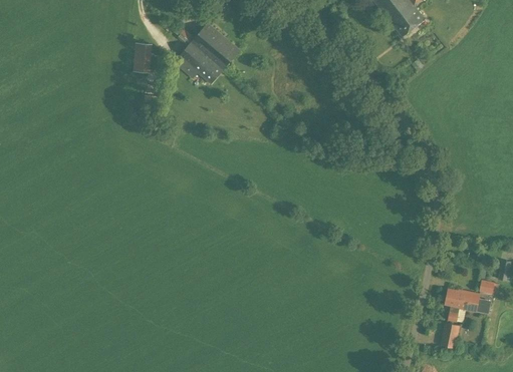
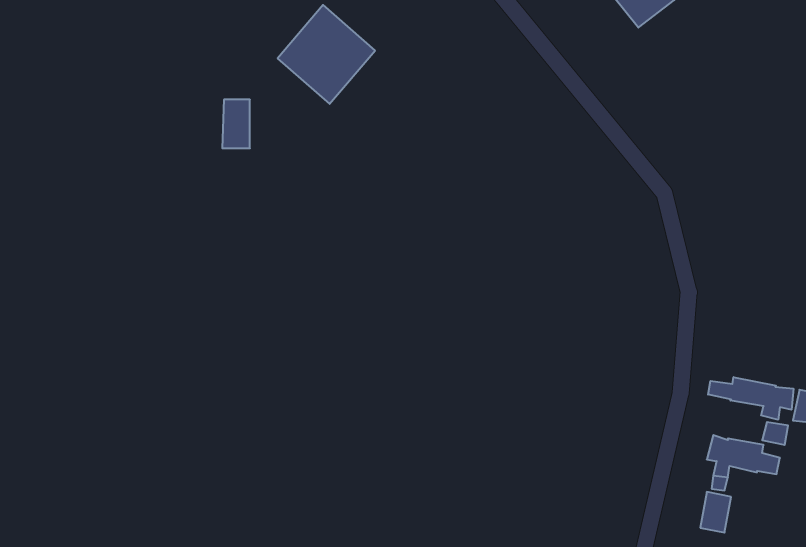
building: [135,42,152,72] -> [222,100,250,148]
building: none -> [708,377,793,420]

